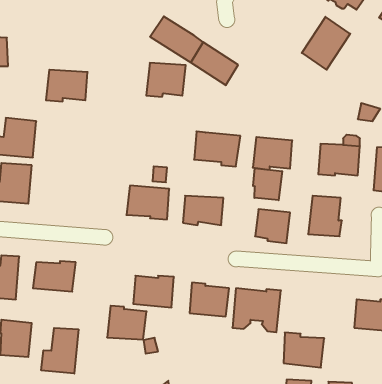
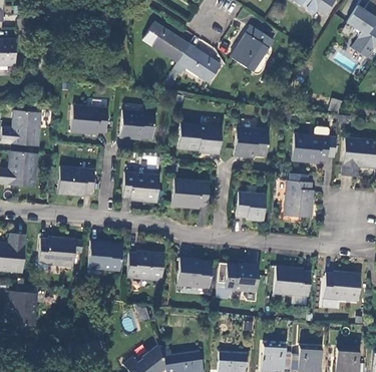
building: [302,17,350,70] -> [231,25,274,72]
building: [146,63,186,97] -> [120,109,155,139]
building: [46,70,88,101] -> [70,106,107,134]
building: [253,168,282,200] -> none
building: none -> [58,166,95,195]
building: [107,306,147,340] -> [87,240,122,270]
building: [41,328,78,374] -> none
building: [284,333,324,368] -> [275,266,311,297]

